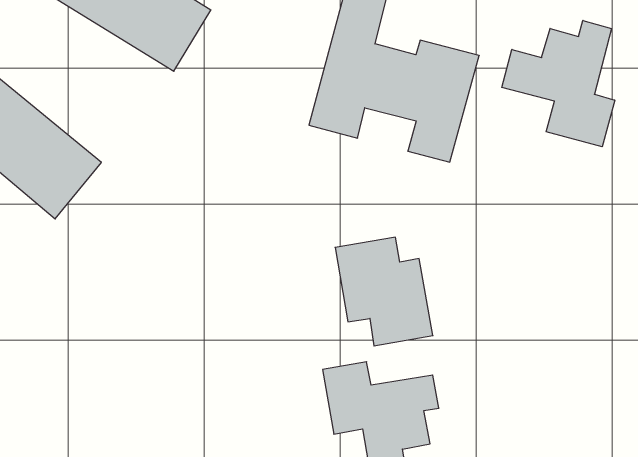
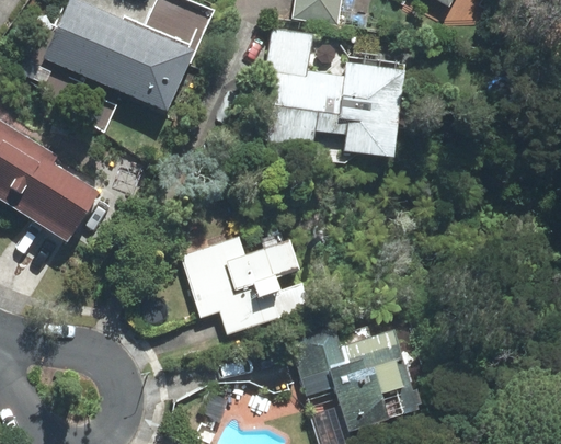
building: [502,20,615,147] -> none
building: [335,237,433,346] -> [186,238,273,328]

